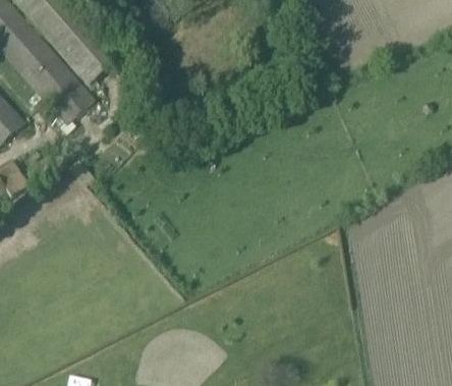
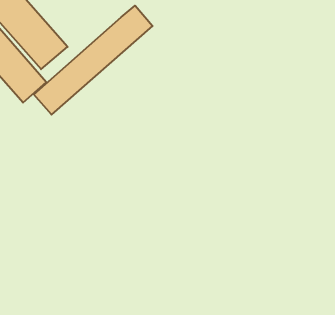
building: none -> [34,6,153,115]

